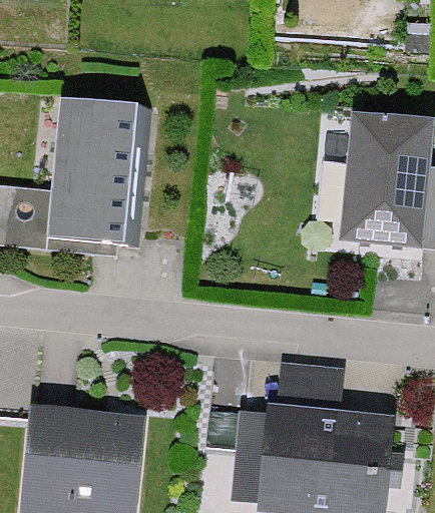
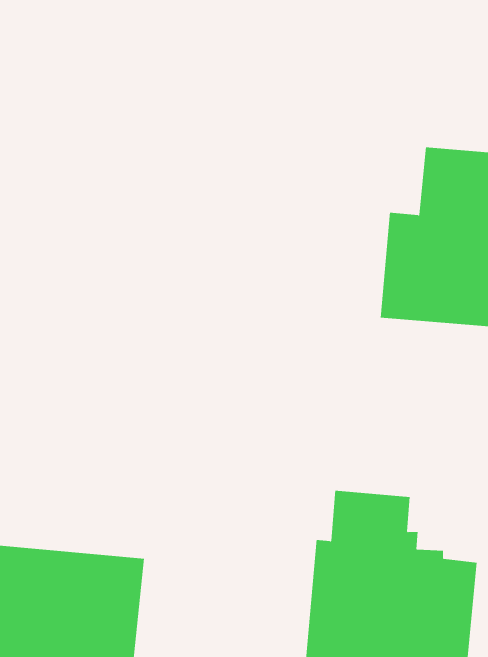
building: [44,97,159,243] -> none

